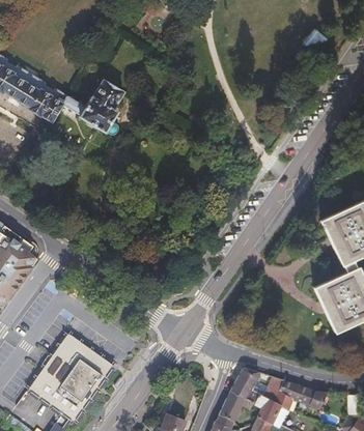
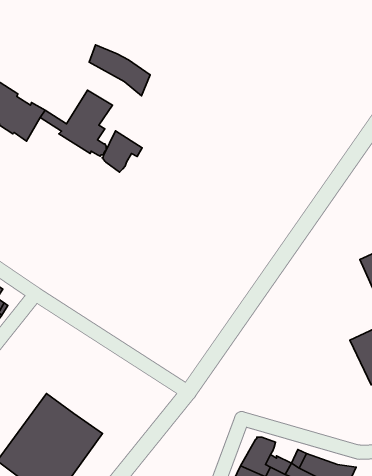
building: none -> [89,45,150,96]
building: none -> [102,131,142,172]

